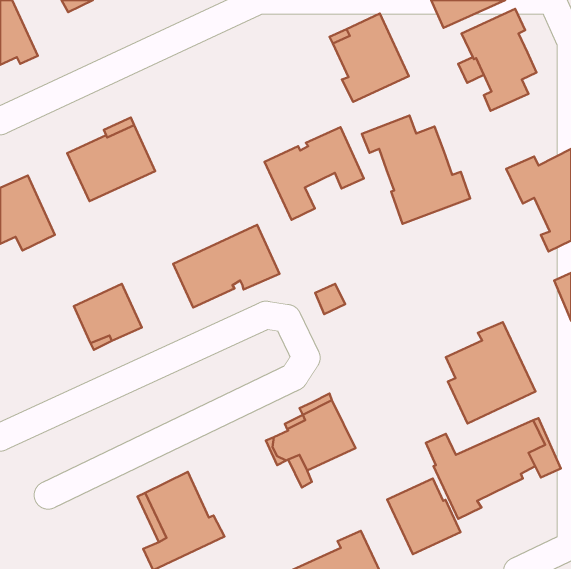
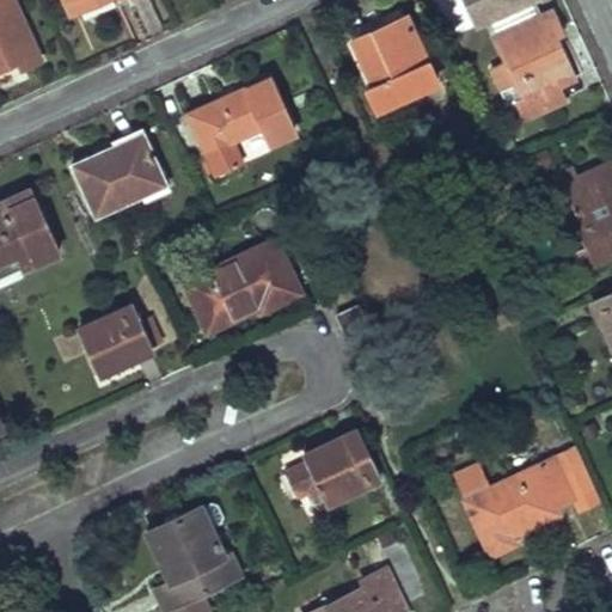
building: [362,115,470,224] -> none
building: [265,127,364,220] -> [188,79,294,178]
building: [446,322,536,423] -> none
building: [387,479,461,554] -> none

